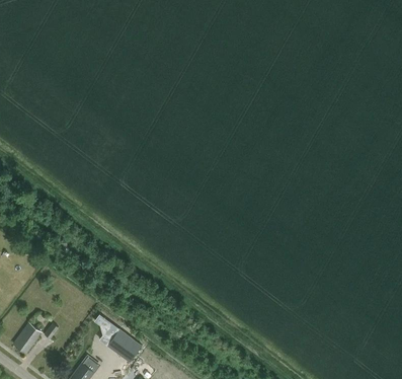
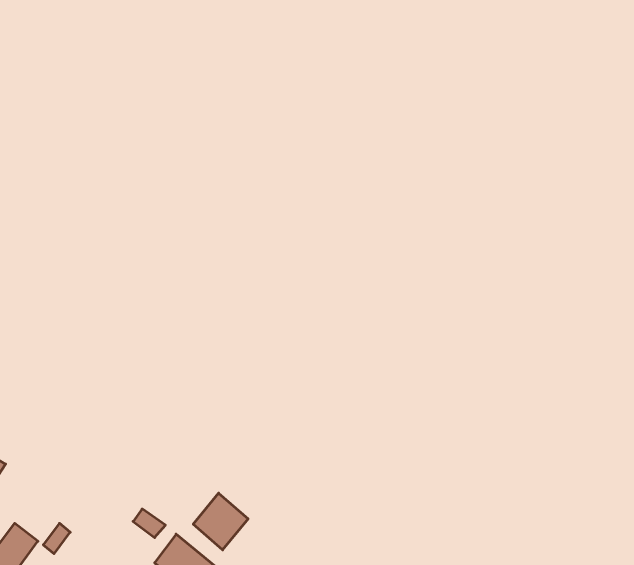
building: none -> [193,493,248,550]

